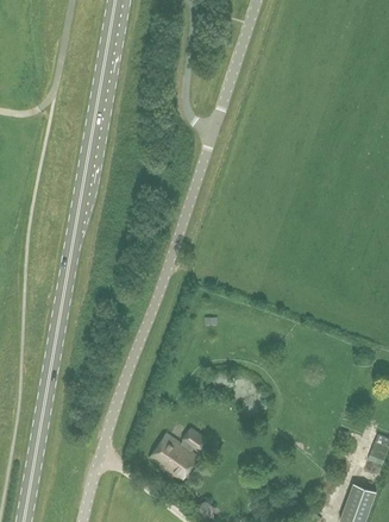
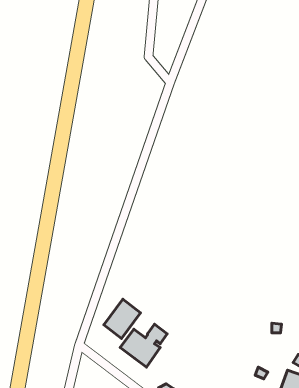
building: none -> [104,299,140,338]

